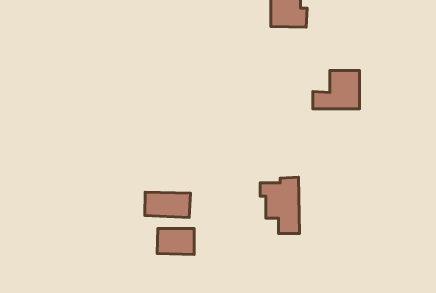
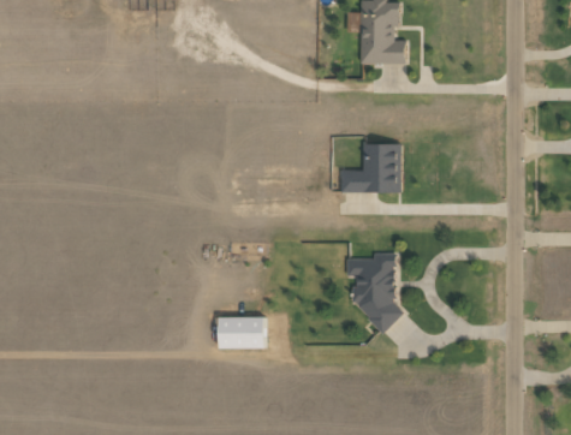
building: [313,71,360,109] -> [340,144,399,192]
building: [145,192,190,217] -> none

